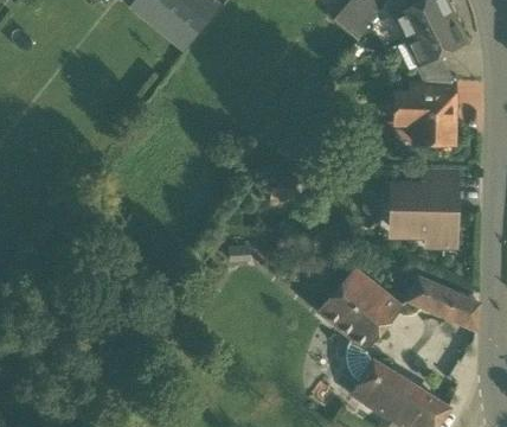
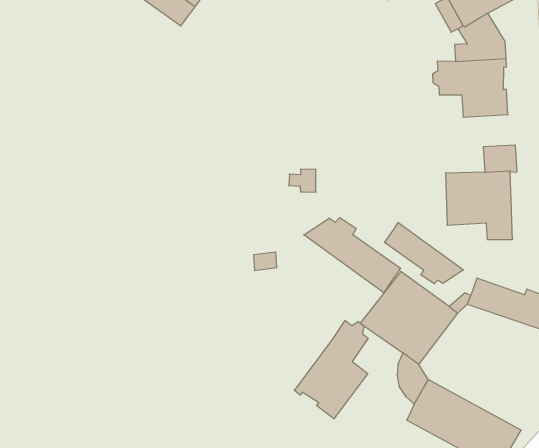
building: none -> [304,218,401,293]
building: none -> [385,222,464,284]
building: none -> [294,320,368,419]

